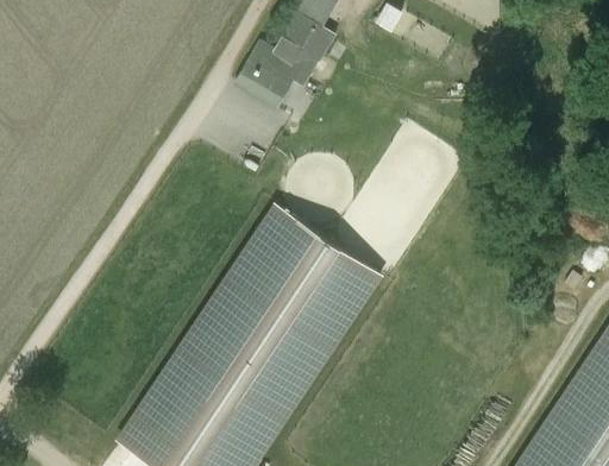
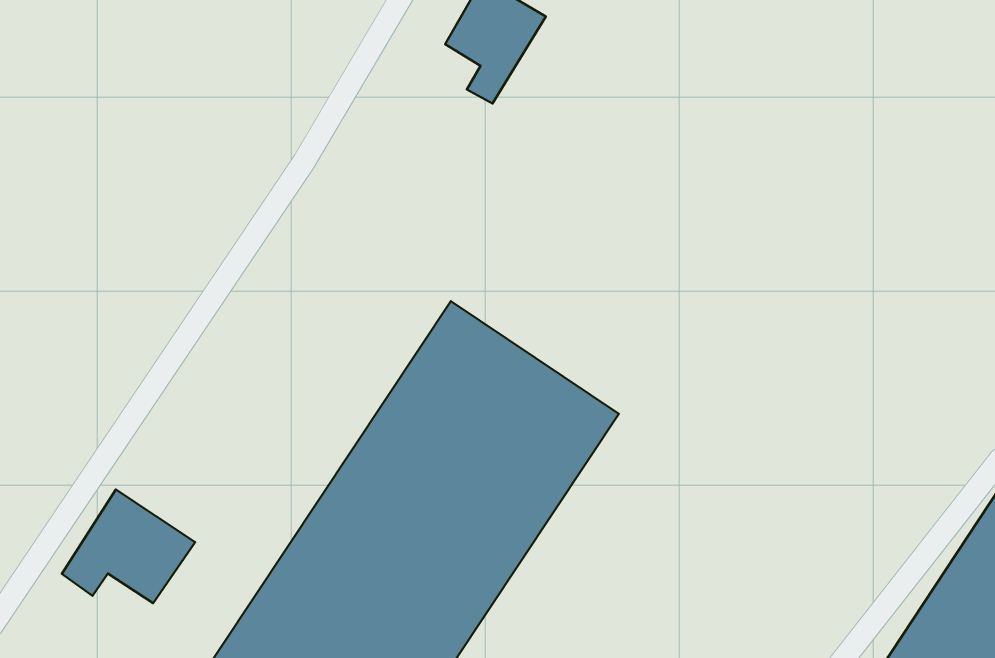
building: [236,44,296,111] -> none
building: none -> [62,489,195,603]

